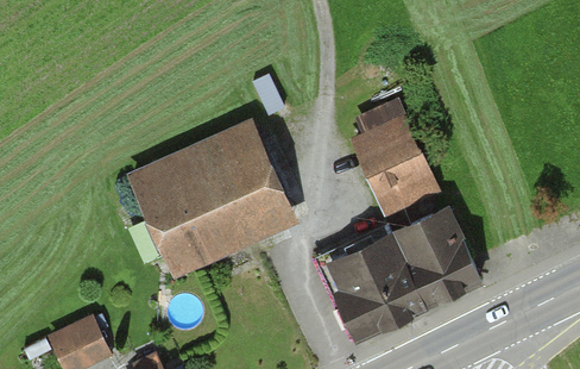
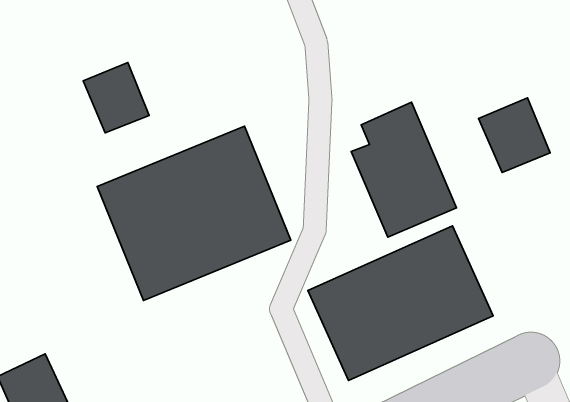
building: none -> [83,62,149,133]
building: none -> [479,98,550,172]

